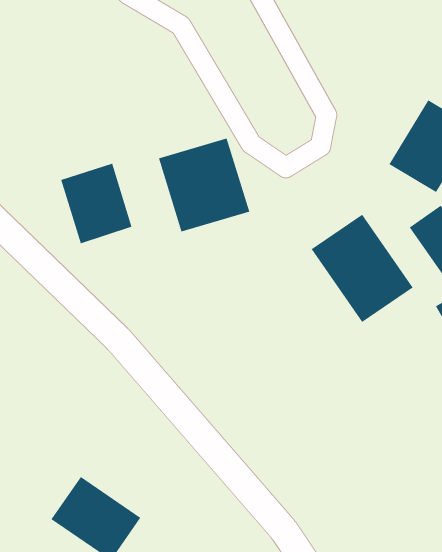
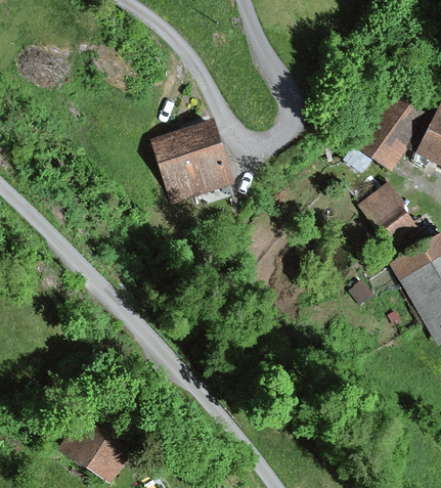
building: [61,163,132,244] -> none
building: [311,214,414,323] -> none

